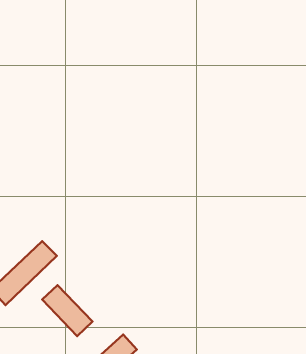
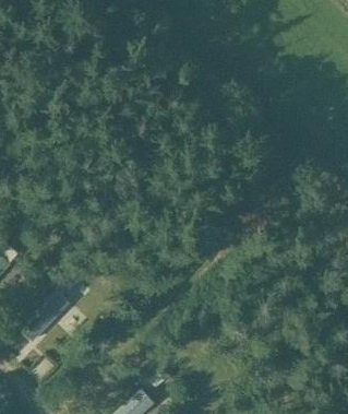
building: [42,285,93,336] -> none

